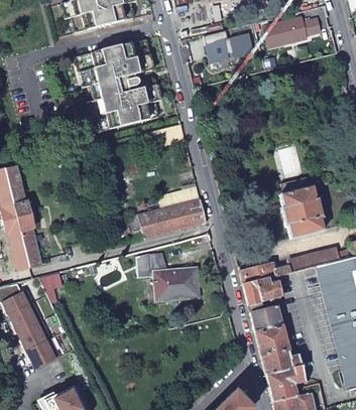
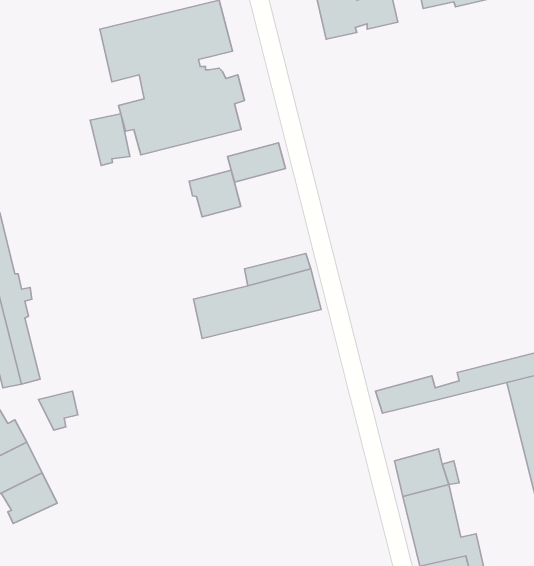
building: none -> [90,114,130,165]
building: none -> [189,170,241,217]
building: [279,186,324,239] -> none
building: [136,253,200,304] -> none
building: [243,276,281,305] -> none
building: [24,337,60,368] -> none

